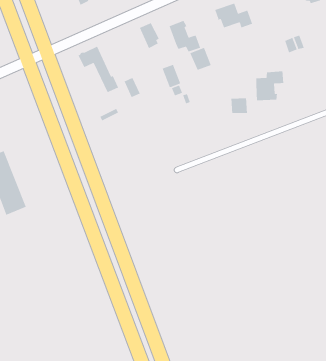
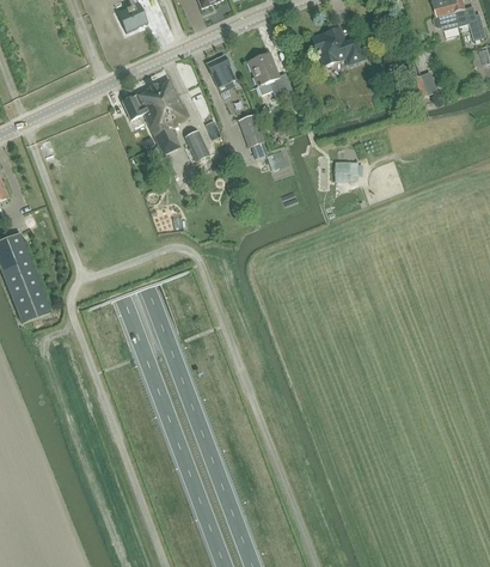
building: none -> [149,79,188,129]
building: [189,47,212,71] -> none
building: [255,70,284,101] -> none

